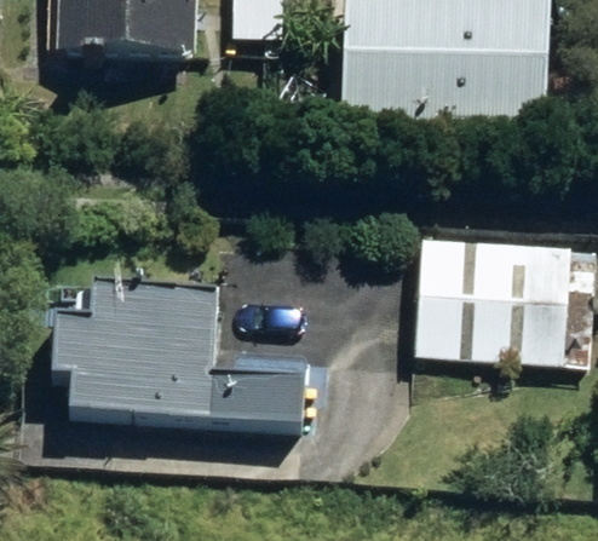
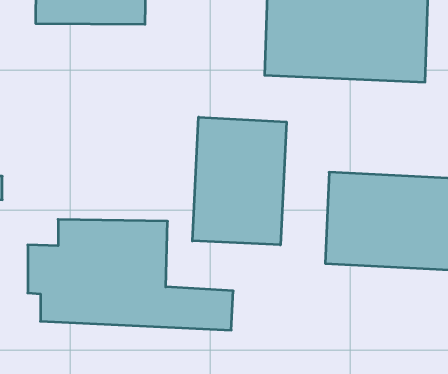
building: none -> [192,117,286,245]

